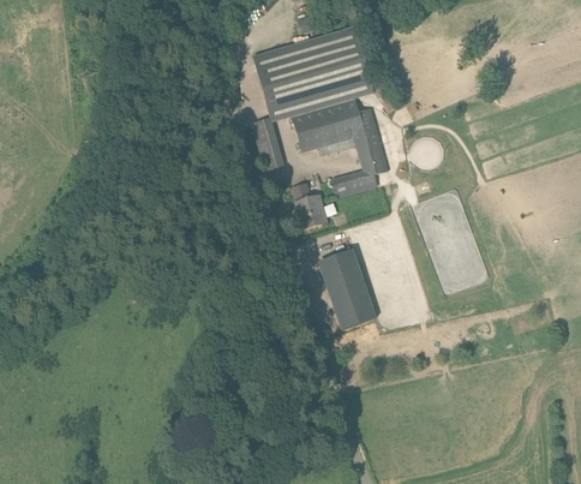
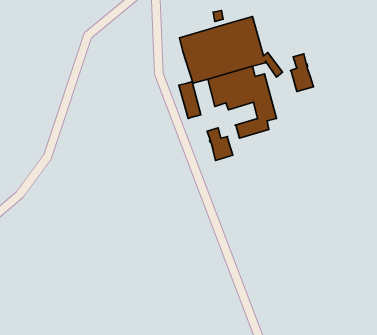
building: none -> [290,54,314,92]
building: [317,250,376,331] -> none

